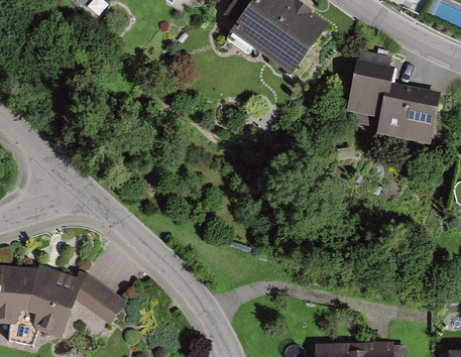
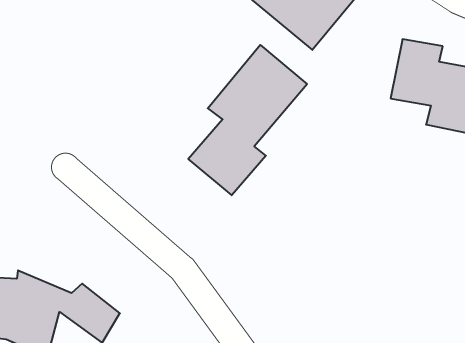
building: none -> [188,45,307,195]

